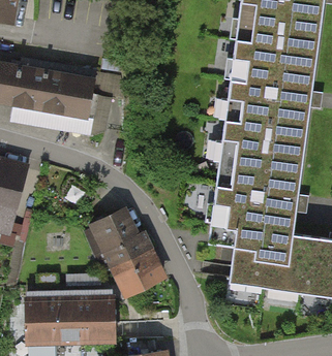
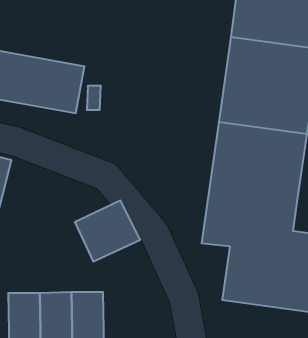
building: [104,240,167,298] -> none

